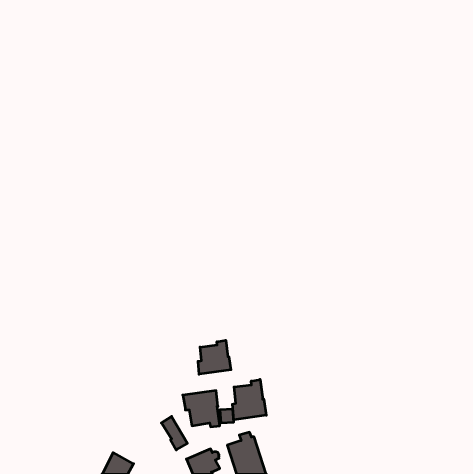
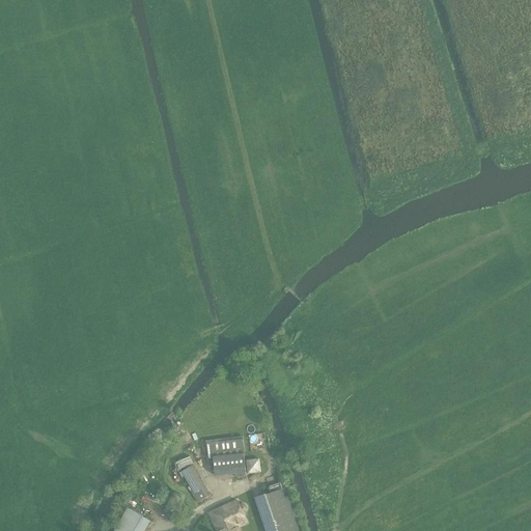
building: [198,340,231,374] -> none
building: [232,379,266,420] -> none

